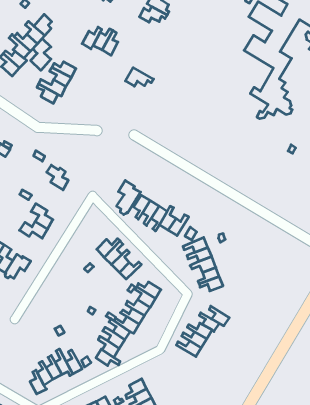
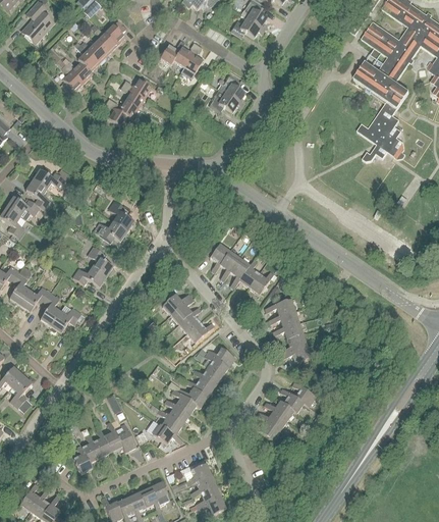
building: [31,39,51,70] -> none
building: none -> [219,75,244,106]
building: [117,180,141,215] -> none
building: none -> [93,221,126,244]

